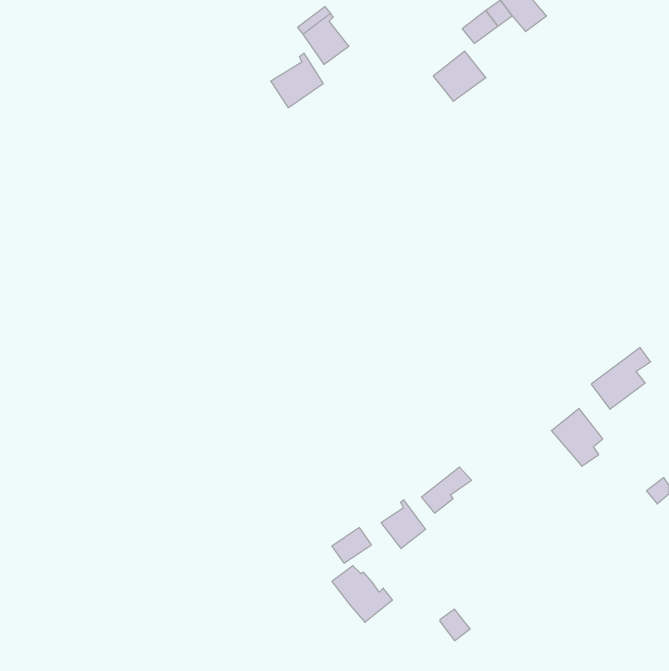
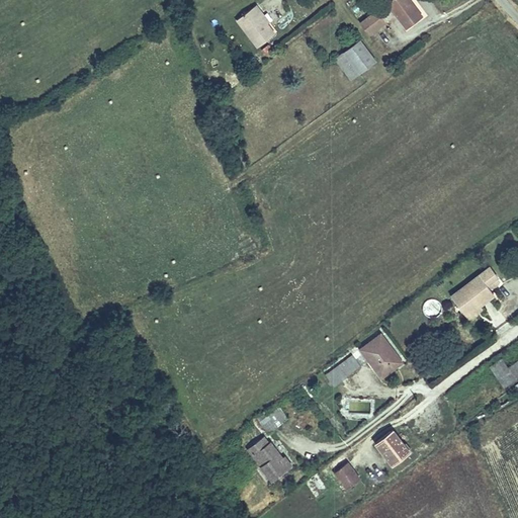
building: [271,53,323,108] -> none
building: [551,408,603,466] -> [362,337,402,381]
building: [381,500,425,549] -> none
building: none -> [377,431,413,466]

